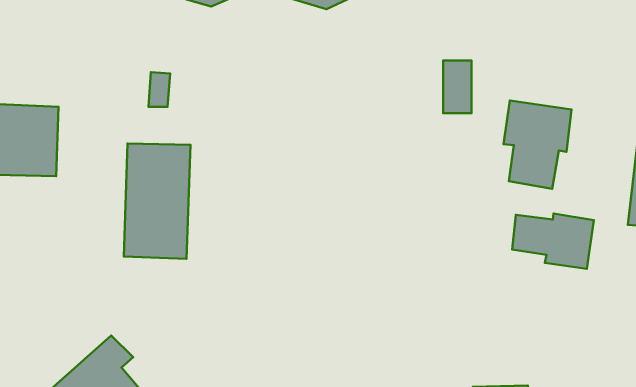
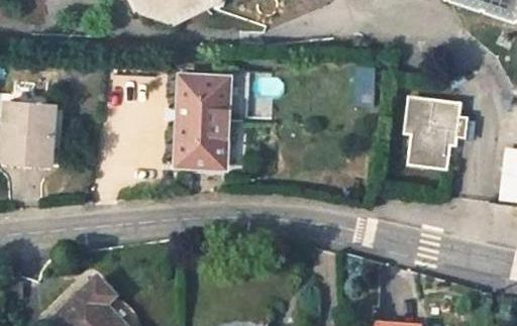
building: [124,143,190,259] -> [176,73,228,164]
building: [512,213,594,269] -> none

